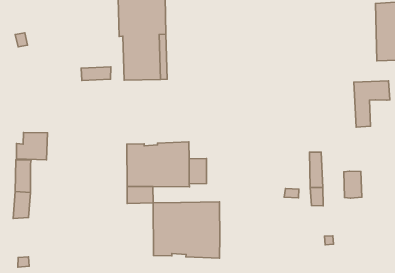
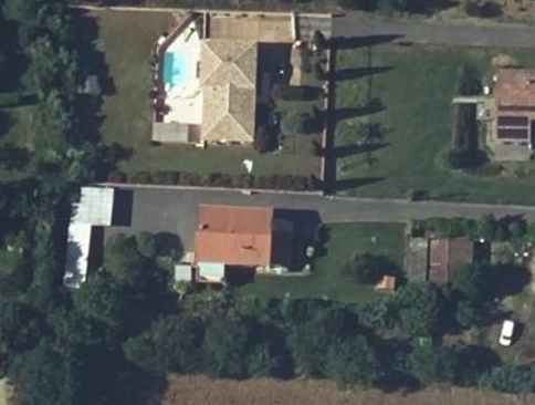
building: [354,81,390,127] -> [430,237,471,289]
building: [153,202,220,258] -> none

